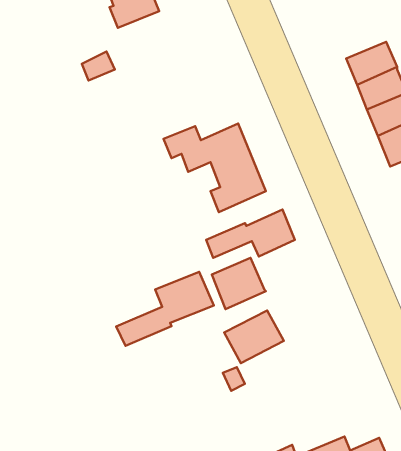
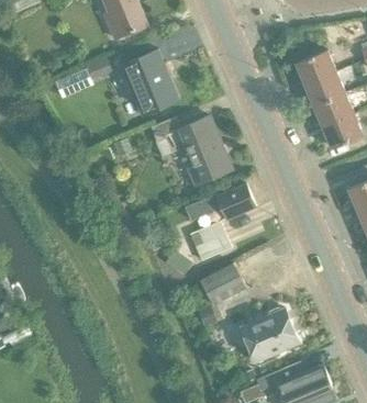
building: none -> [120,49,180,116]
building: [116,272,214,346] -> none
building: none -> [240,307,299,363]

